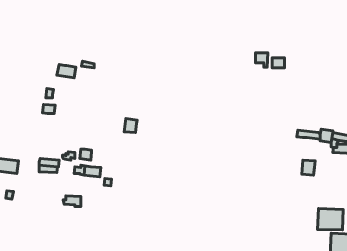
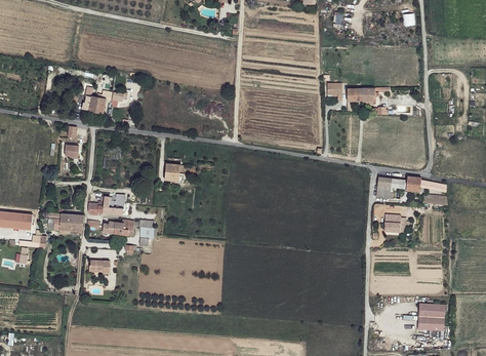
building: [318,208,343,230] -> none

